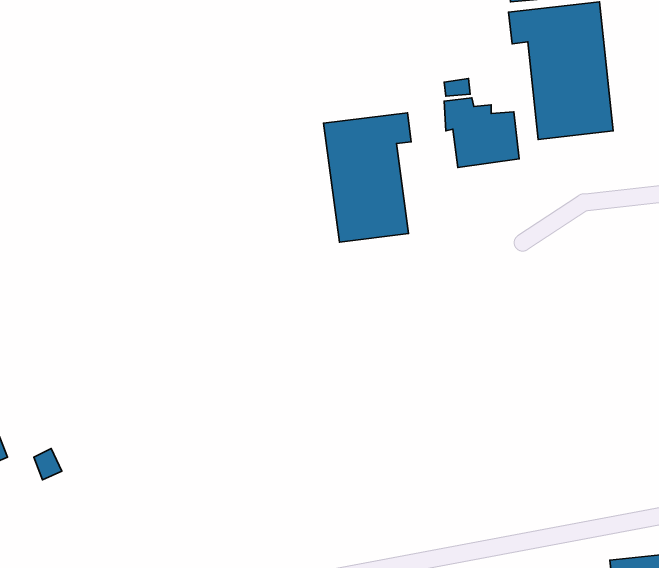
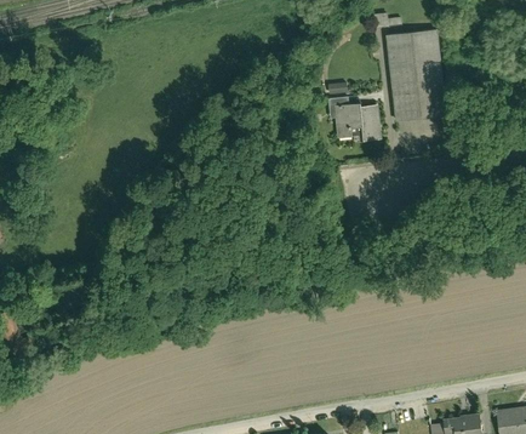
building: [324,113,411,242] -> none

